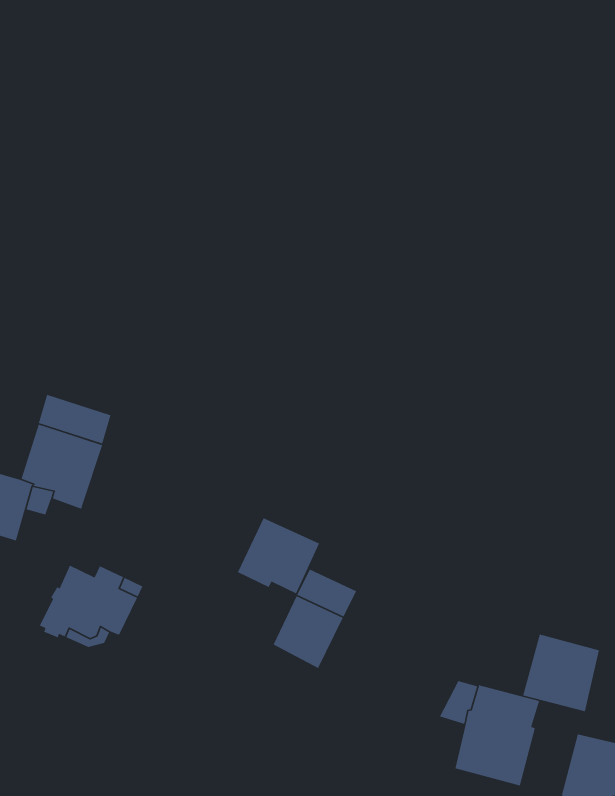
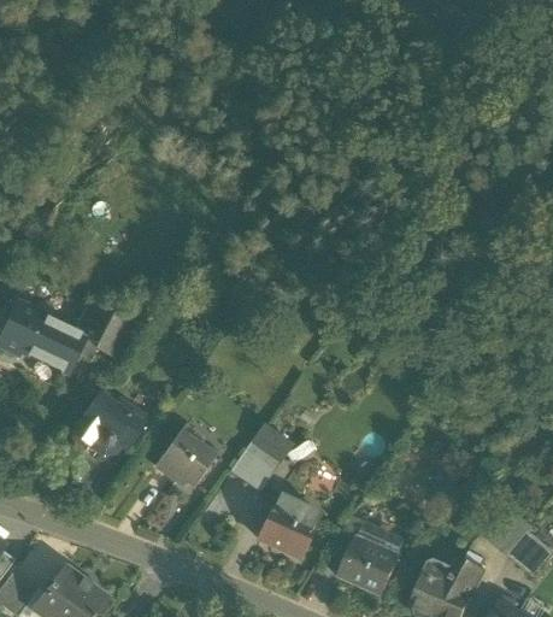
building: [38,394,112,445] -> none
building: [237,517,320,594] -> [155,431,216,488]
building: [522,634,600,712] -> none
building: none -> [259,495,318,557]

